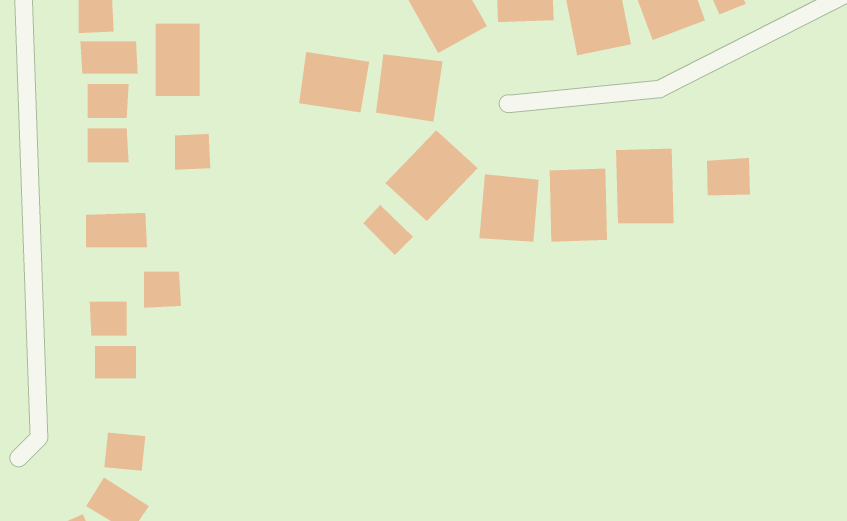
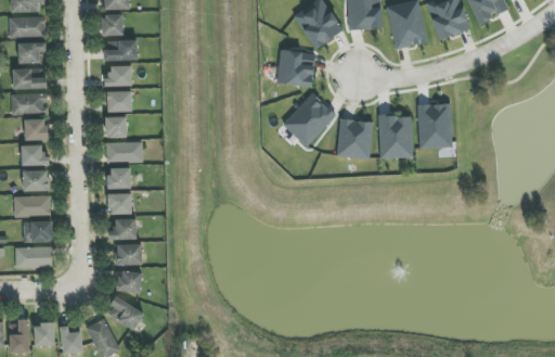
building: [155,23,200,97] -> none
building: [299,51,370,113] -> none
building: [174,133,211,170] -> [105,116,127,138]
building: [706,157,751,196] -> none
building: [362,204,414,256] -> none
building: [143,271,182,308] -> [108,167,131,189]
building: none -> [116,244,142,265]

